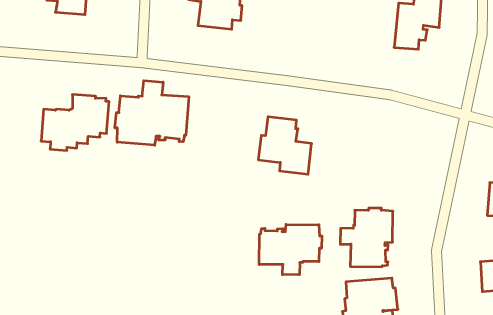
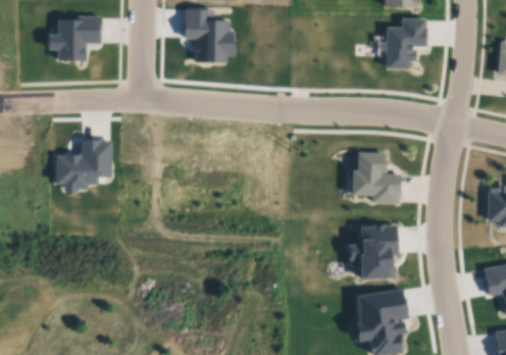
building: [115,81,189,145] -> none
building: [258,117,312,174] -> [351,152,401,204]
building: [259,224,322,275] -> none

